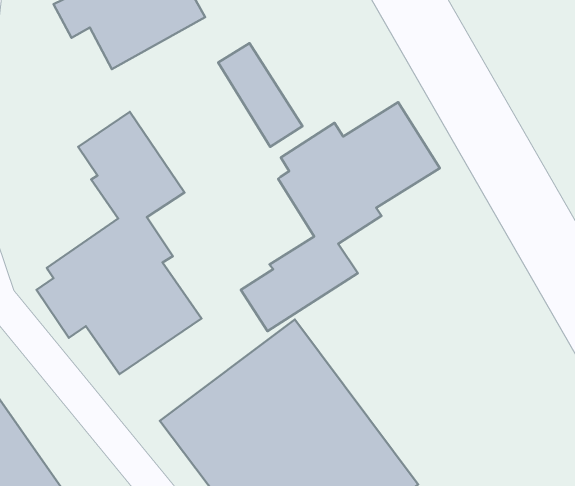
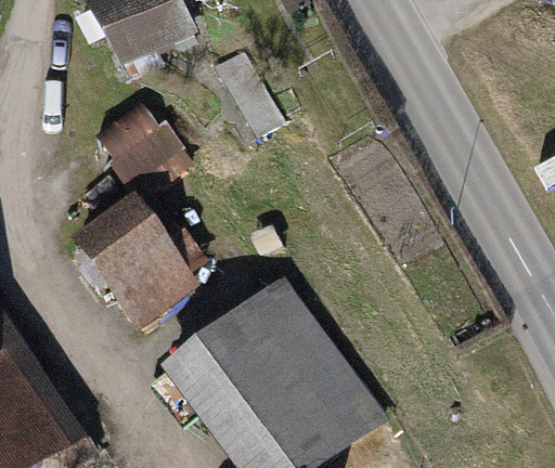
building: [241,102,440,331] -> none

